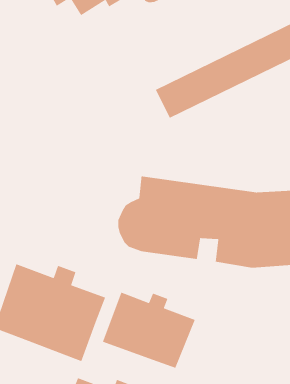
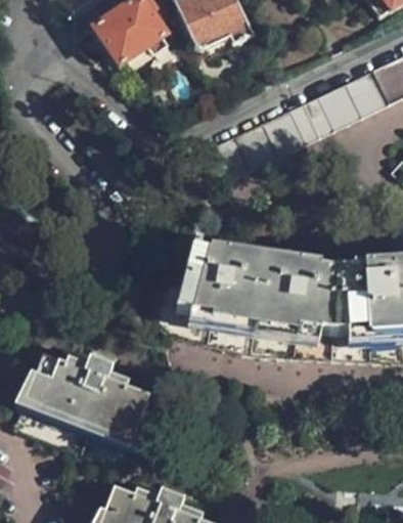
building: [102,292,196,369] -> none

